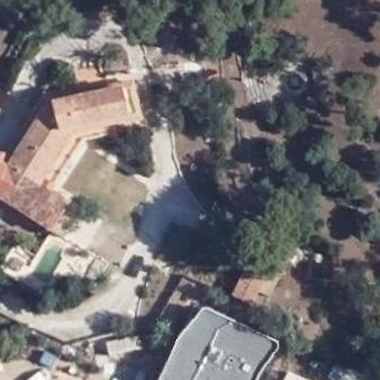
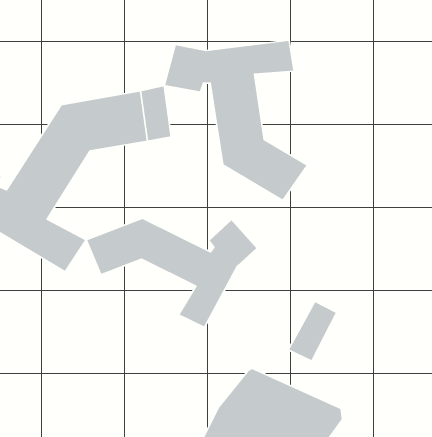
building: none -> [164,40,307,201]
building: none -> [86,218,257,327]

